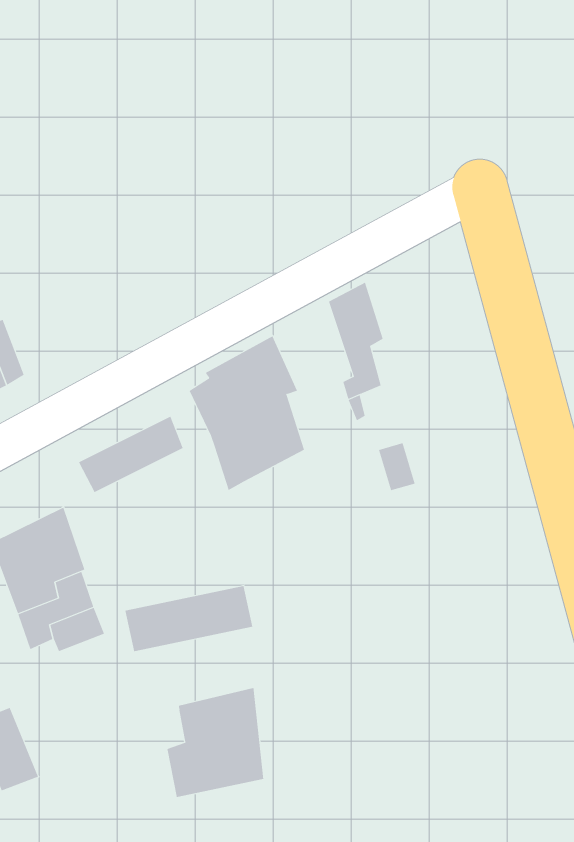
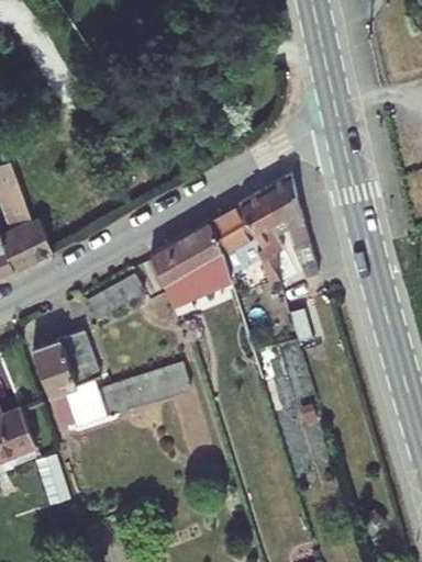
building: none -> [264,175,315,271]
building: none -> [207,202,253,257]
building: [167,687,264,798] -> none

